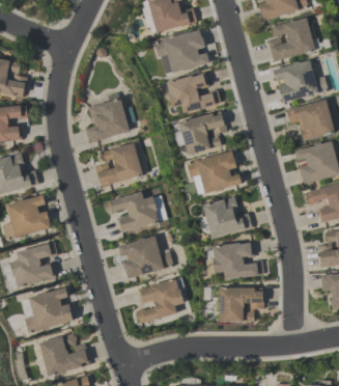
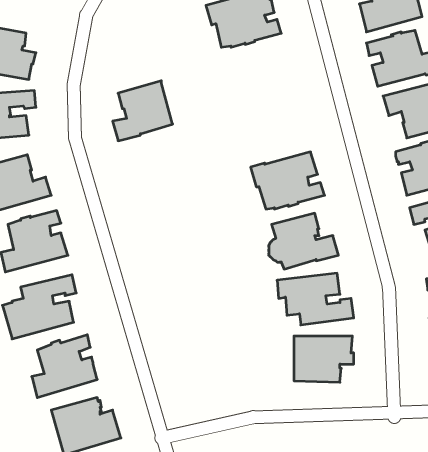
building: [167,72,221,112] -> none
building: [173,110,227,154] -> none
building: [95,142,143,186] -> none
building: [105,191,166,231] -> none
building: [118,236,174,278] -> none
building: [137,278,185,323] -> none

